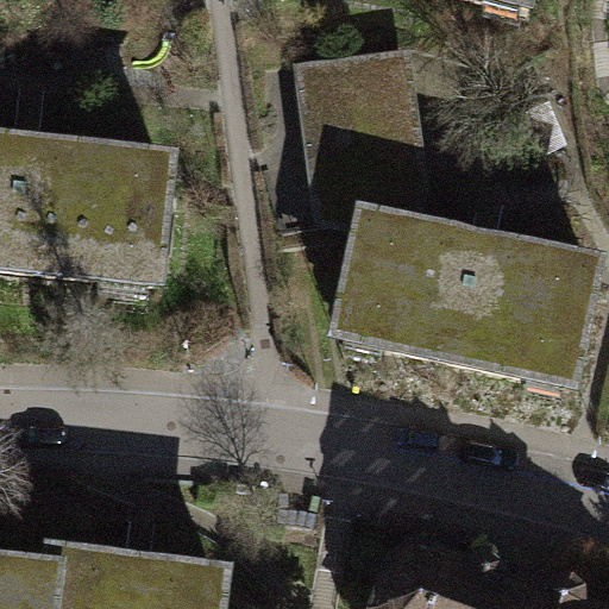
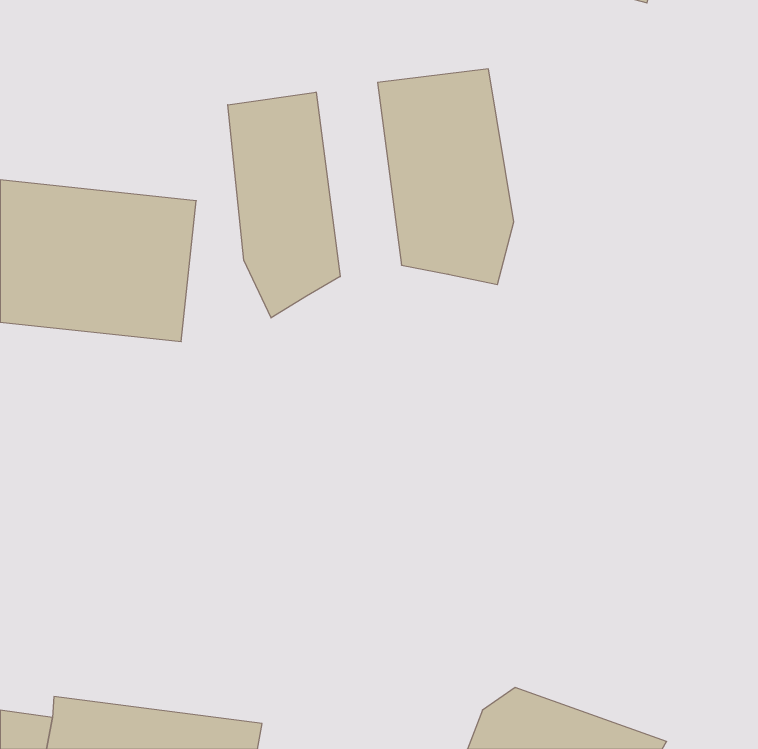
building: none -> [228,92,340,318]
building: [338,218,589,376] -> none

